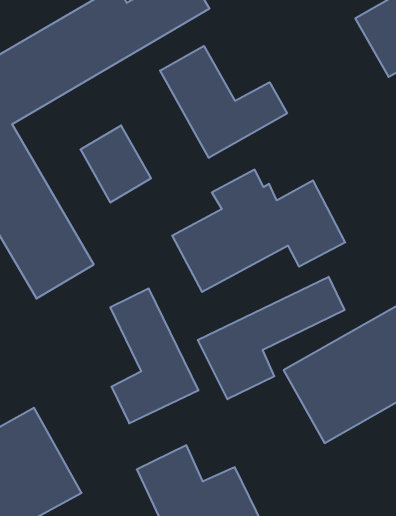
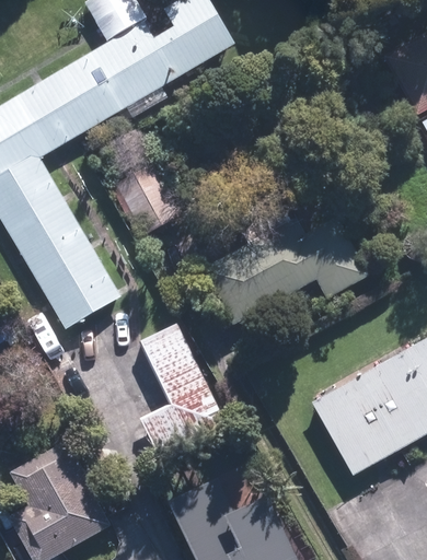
building: [160,46,287,158] -> none
building: [198,277,345,399] -> none

